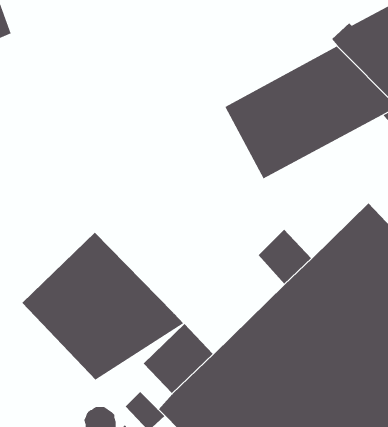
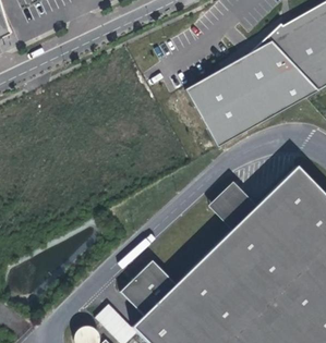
building: [21,232,184,380] -> none

